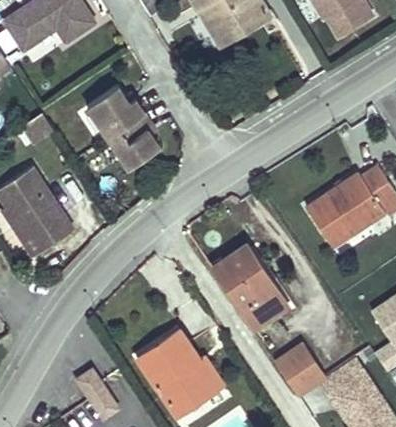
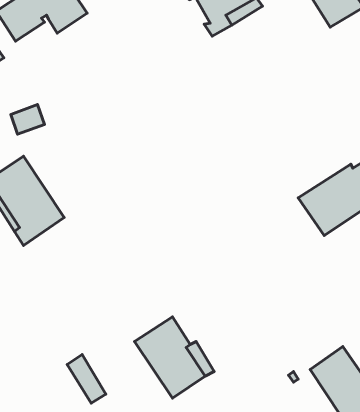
building: [86,86,158,168] -> none
building: [216,246,278,319] -> none
building: [271,335,319,385] -> none

